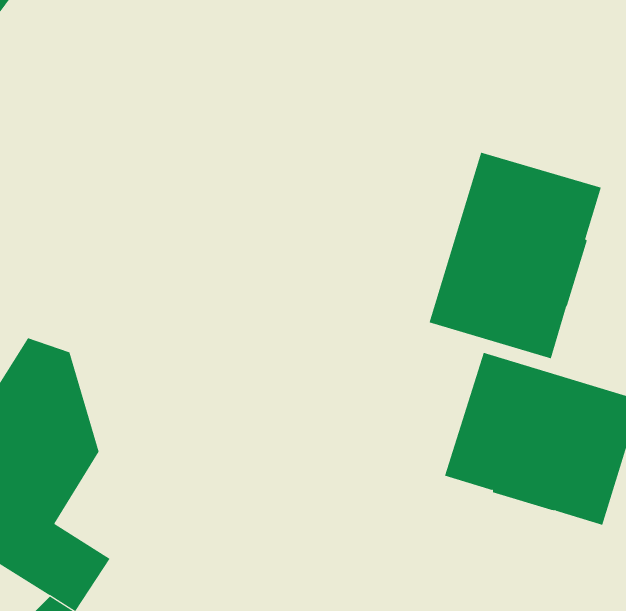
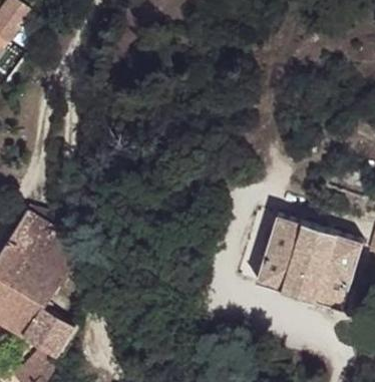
building: [429,152,601,359] -> none

